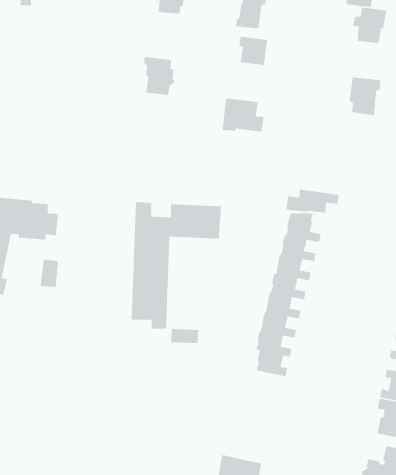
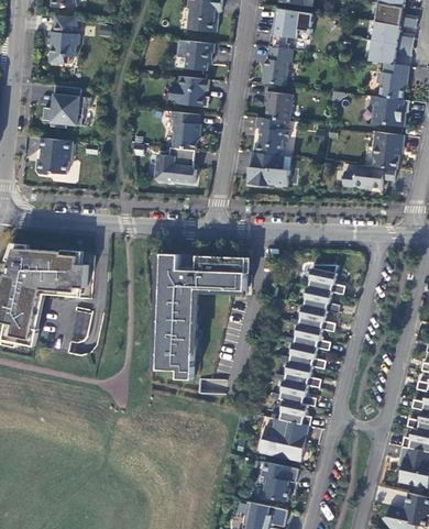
building: none -> [168,76,208,107]
building: none -> [42,86,89,128]
building: none -> [368,96,408,126]
building: none -> [253,117,288,155]
building: none -> [35,137,72,174]
building: none -> [154,147,195,183]
building: [285,189,339,214] -> [341,164,394,188]
building: none -> [258,418,307,461]
building: none -> [260,461,297,500]

